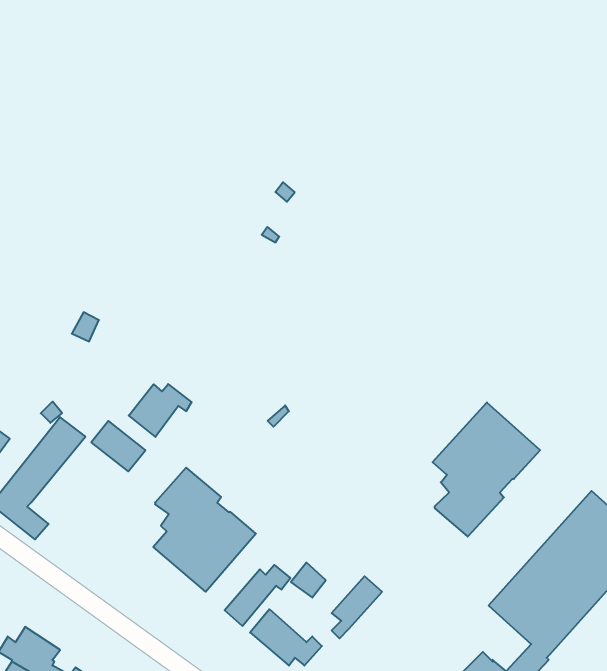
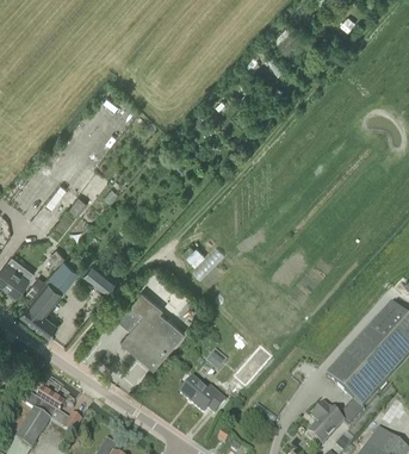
building: [129,384,192,437] -> none
building: [433,402,540,537] -> none
building: [225,565,290,626] -> none

